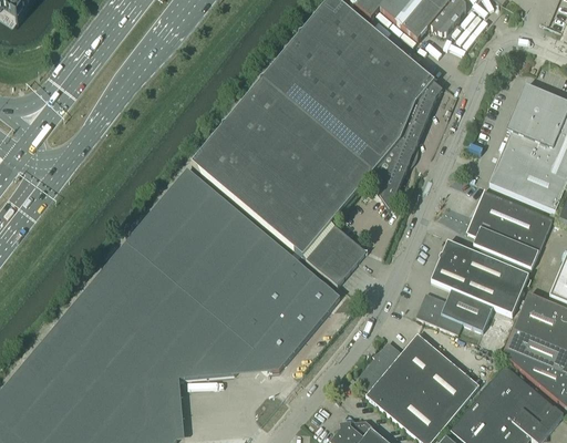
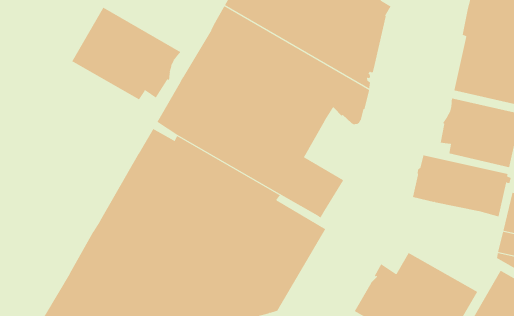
building: none -> [71,7,181,100]
building: [415,288,493,332] -> none

